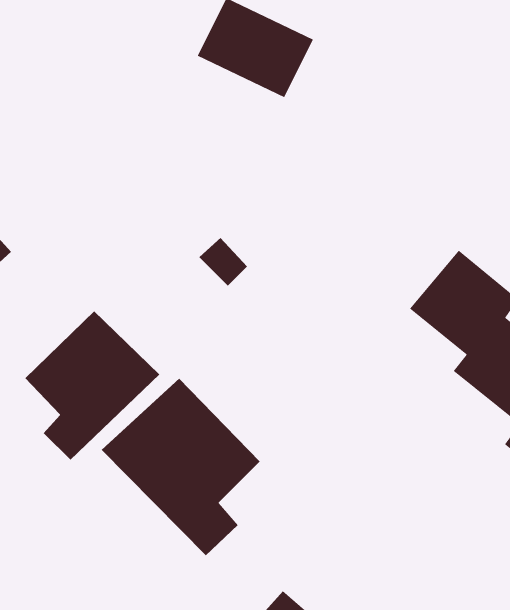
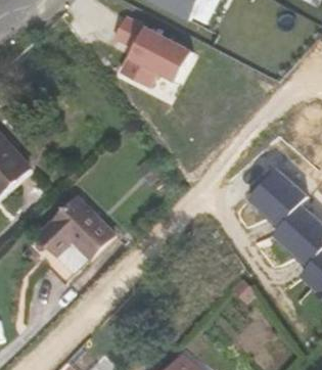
building: [101,378,260,556] -> none

